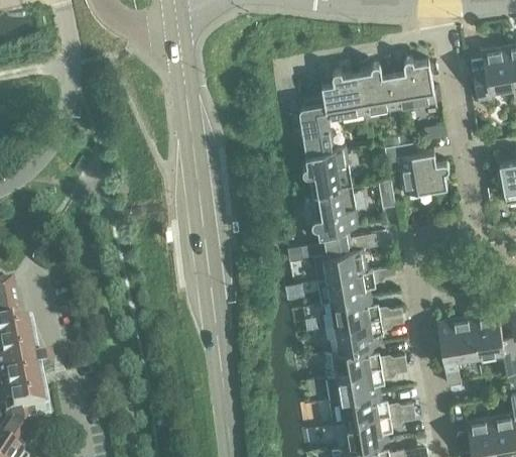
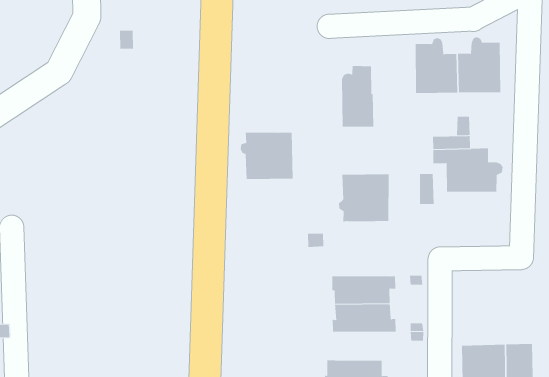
building: [321,72,364,122] -> none
building: [303,148,353,195] -> [240,132,294,180]
building: [313,230,367,282] -> none
building: [326,321,382,353] -> none

